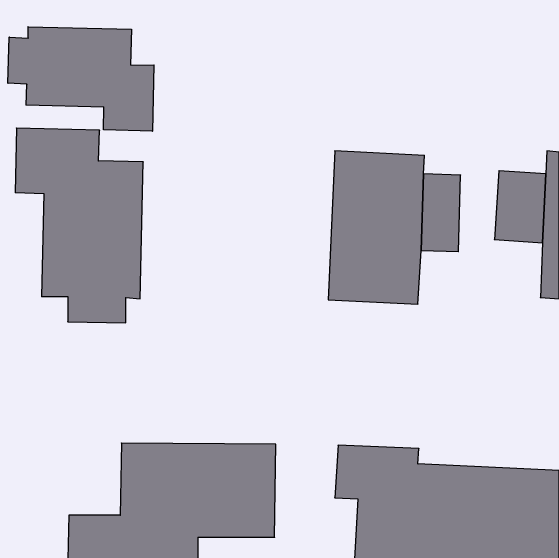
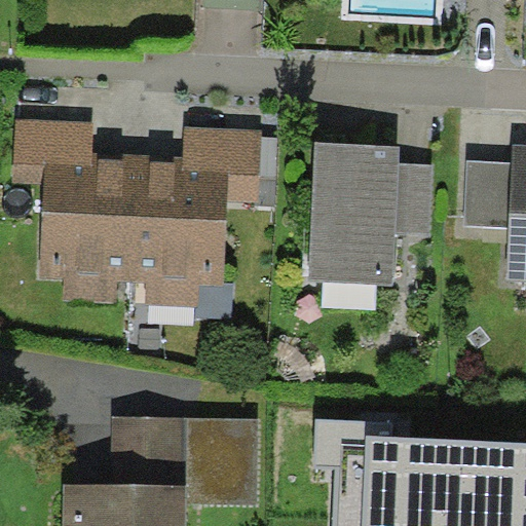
building: [8,27,154,131] -> none
building: none -> [132,129,262,304]

